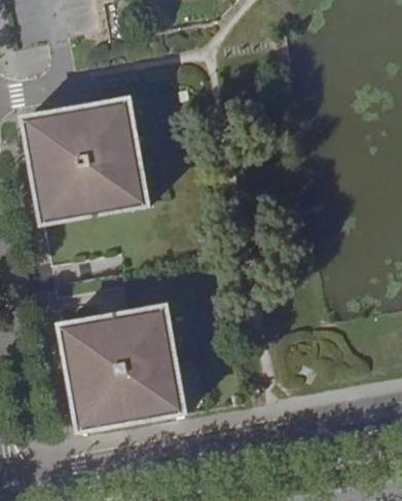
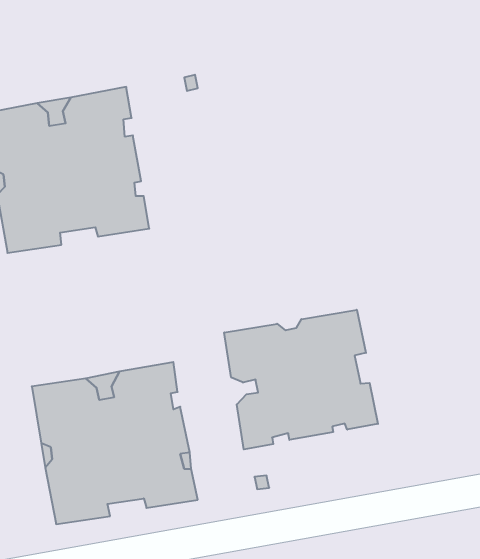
building: none -> [224,310,378,449]

